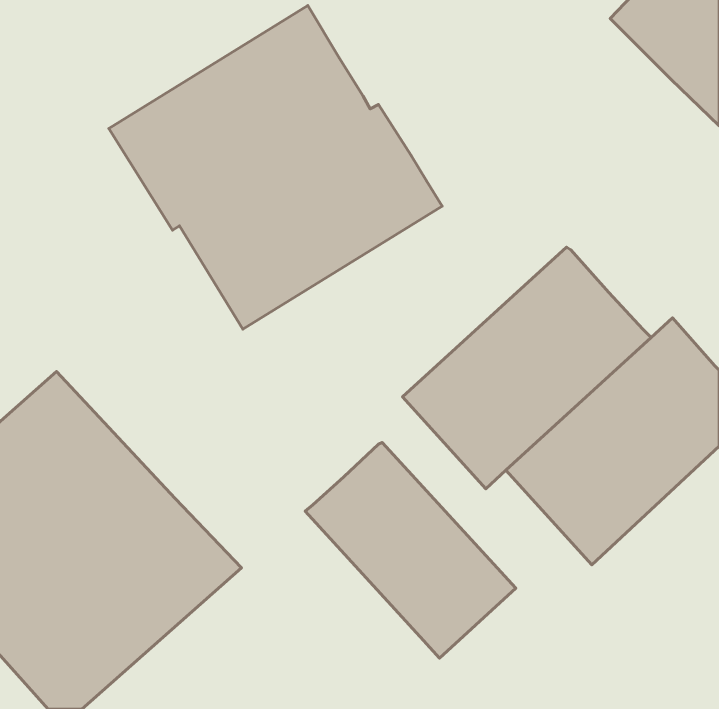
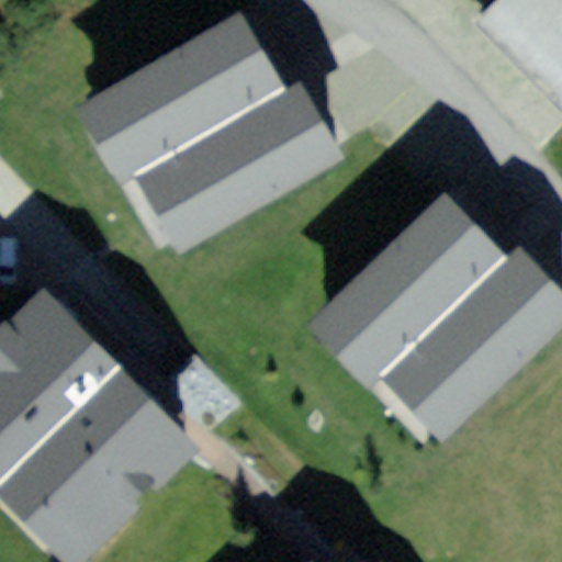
building: [305,442,516,658] -> none

